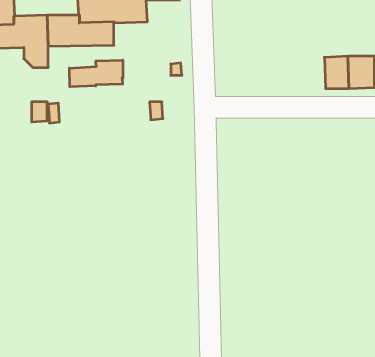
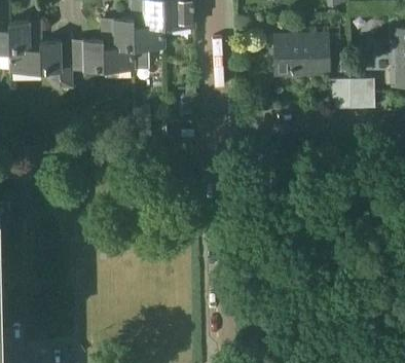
building: none -> [275,35,330,75]
building: [69,60,123,87] -> none

